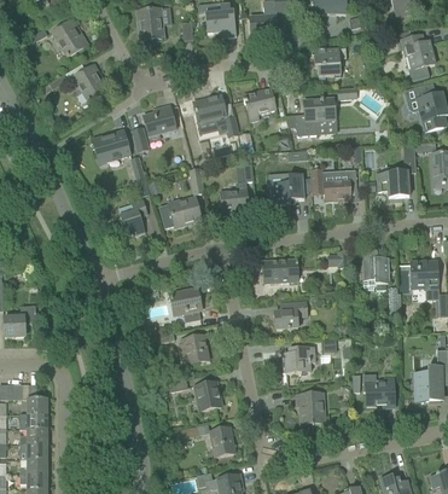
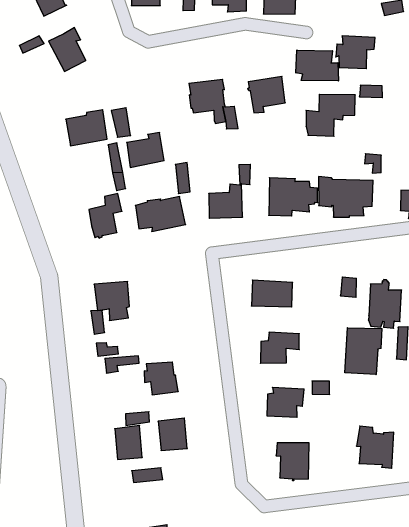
building: none -> [296,50,338,81]
building: [142,104,175,135] -> [127,133,164,167]
building: [169,287,200,321] -> [94,282,129,320]
building: none -> [345,328,382,375]
building: [209,425,234,455] -> [115,425,142,459]

